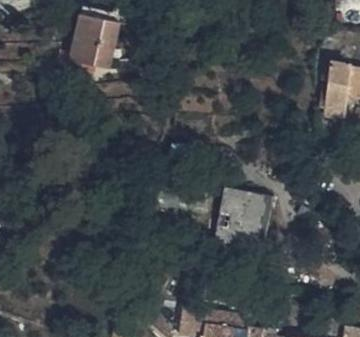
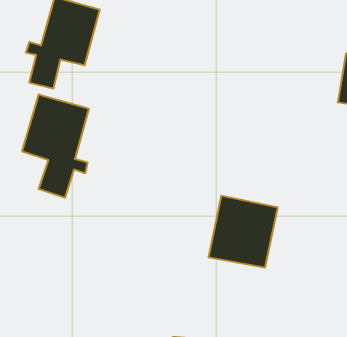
building: none -> [22,94,89,198]

